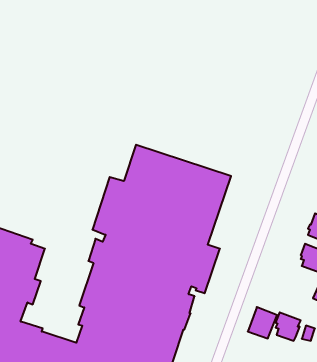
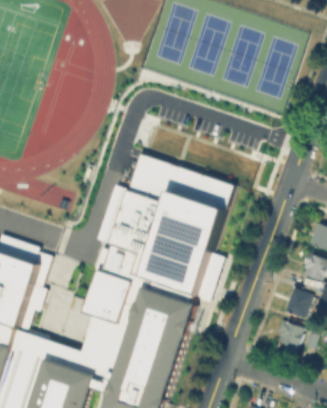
building: [248,307,277,338] -> [284,287,313,318]

